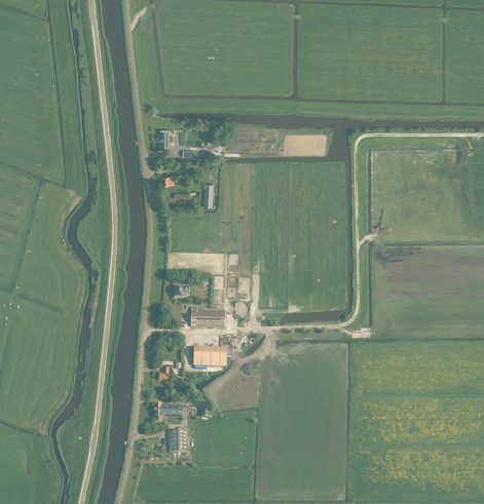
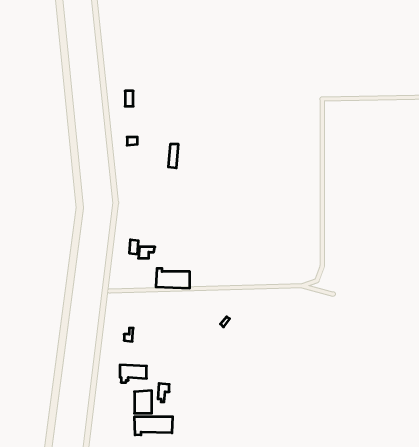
building: [192,348,226,367] -> none
building: none -> [135,417,173,435]

